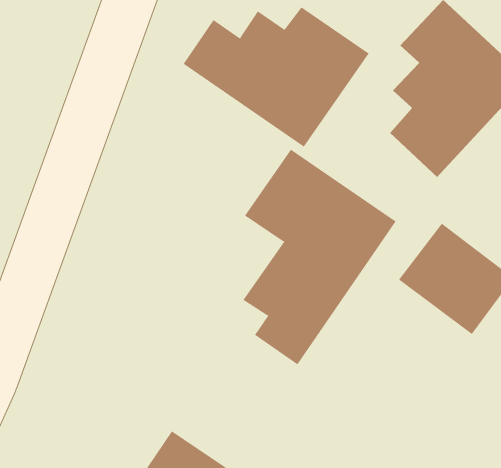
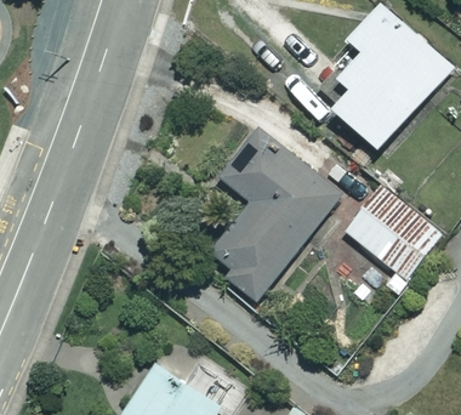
building: [183,6,370,148] -> none

